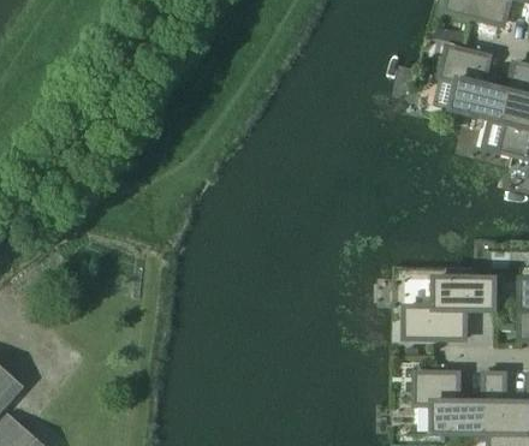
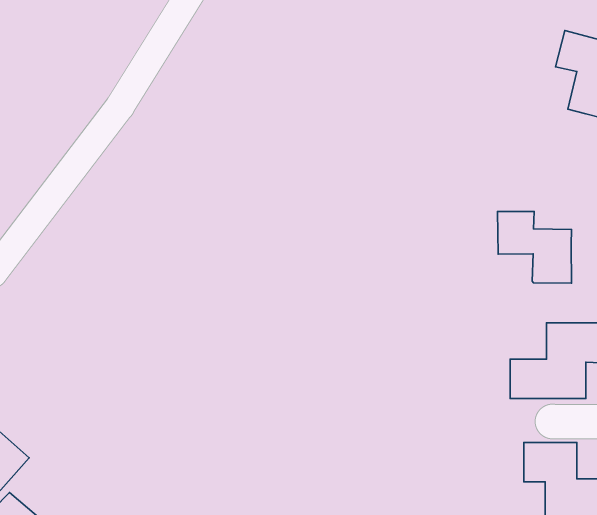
building: none -> [498,211,571,283]

